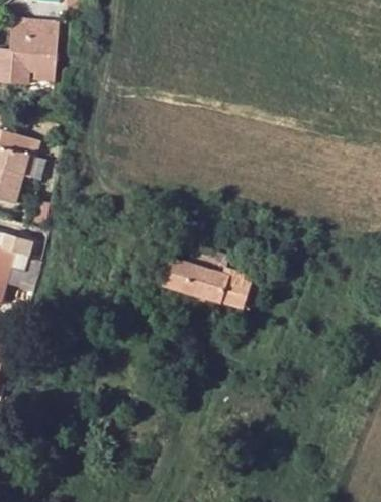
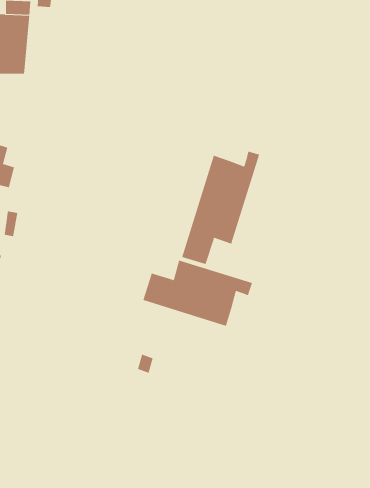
building: none -> [181,151,260,265]

